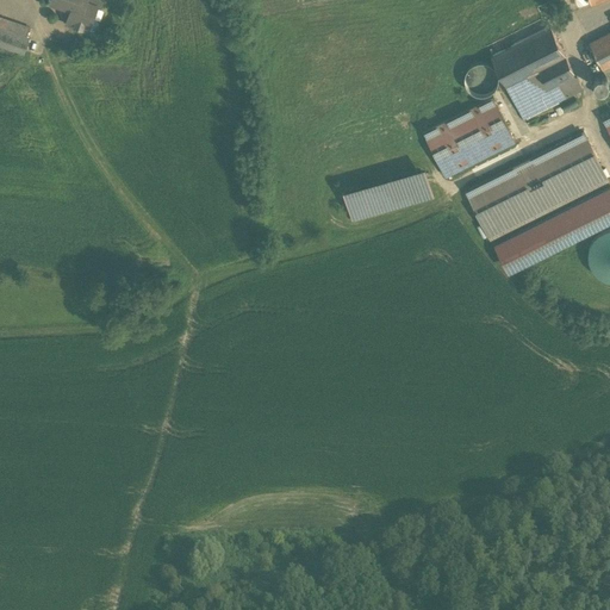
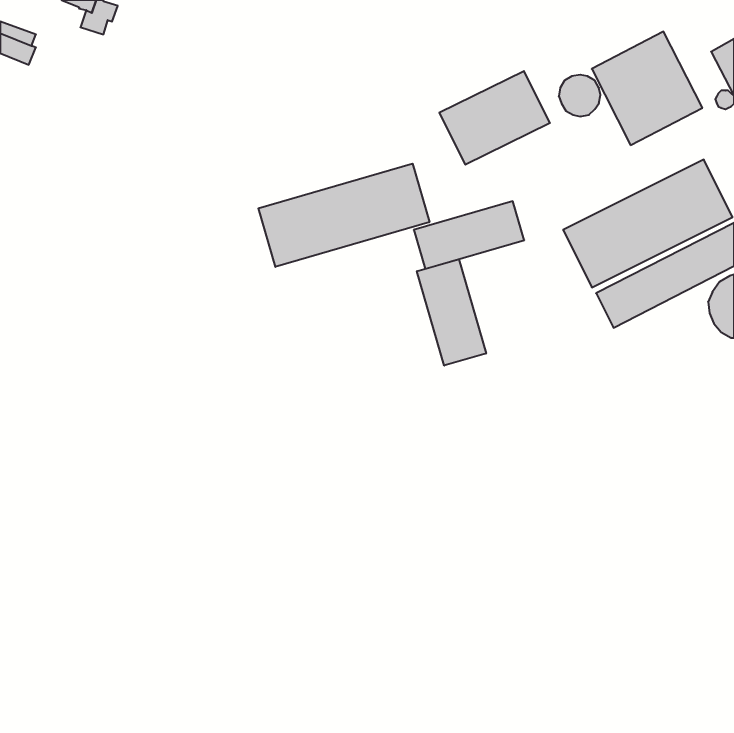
building: [423,100,515,178] -> [439,71,550,165]
building: none -> [258,164,429,267]
building: none -> [417,259,486,366]

